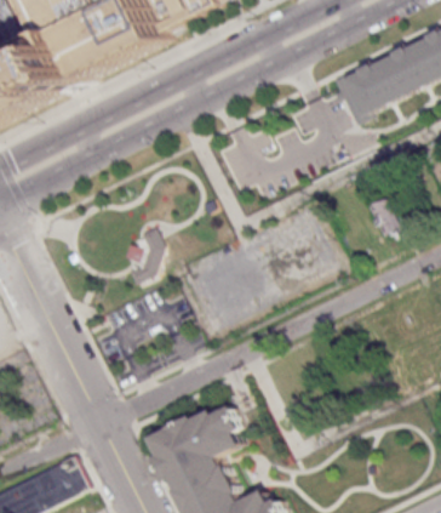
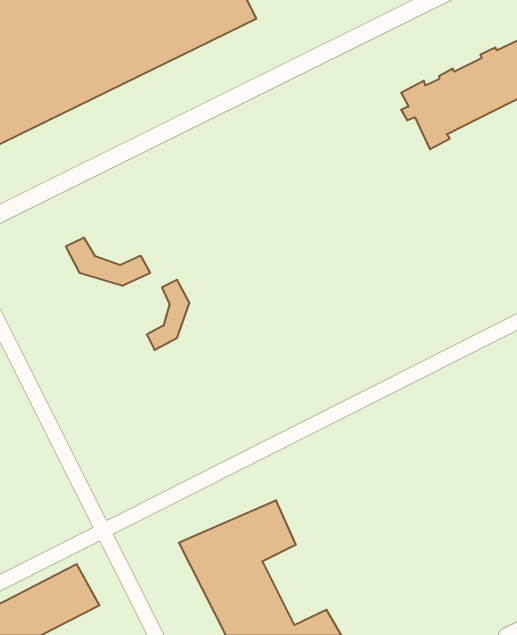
building: none -> [66,237,150,286]
building: [370,198,405,241] -> none

